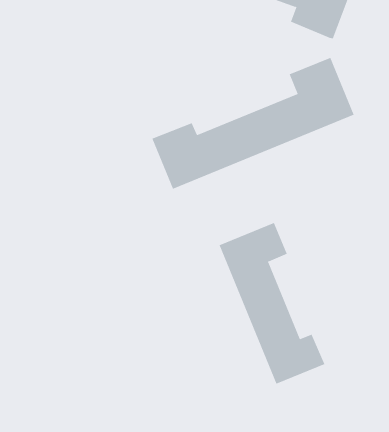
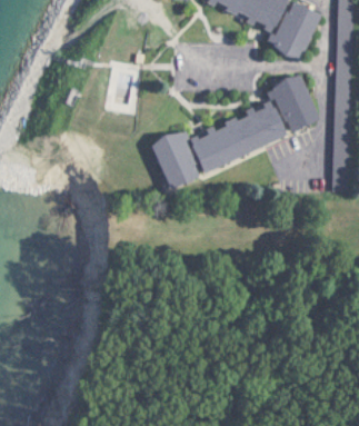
building: [219,222,325,385] -> none

